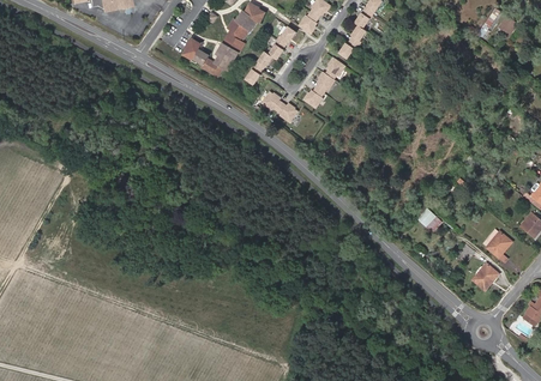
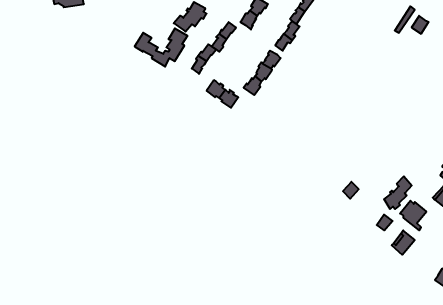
building: none -> [384,176,412,209]

